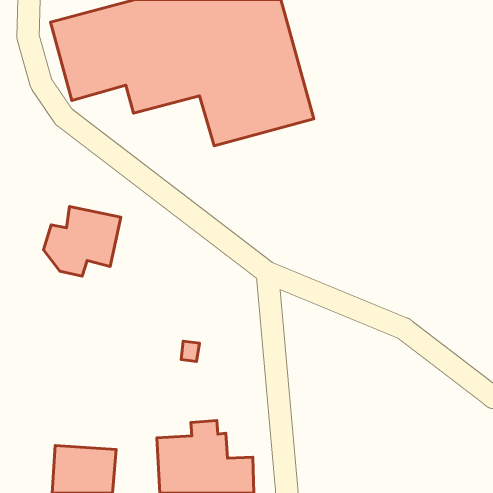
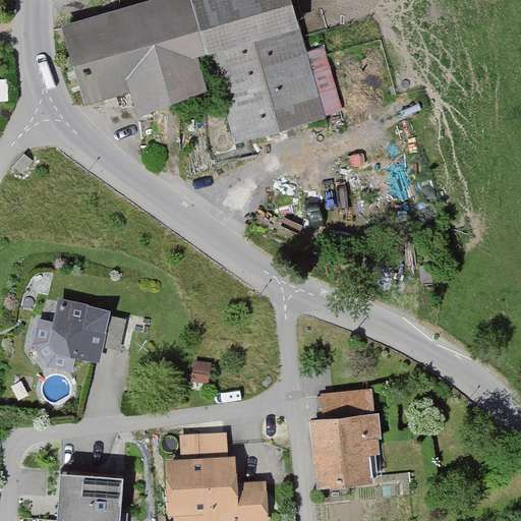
building: [43,206,121,276] -> [31,299,112,372]
building: none -> [310,390,382,487]

